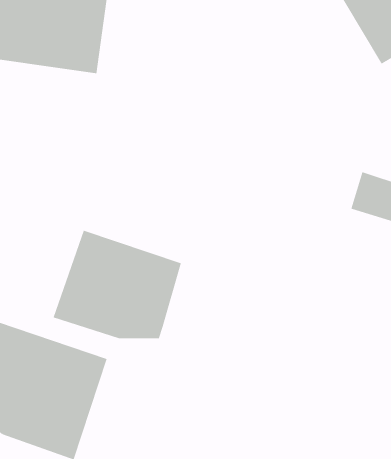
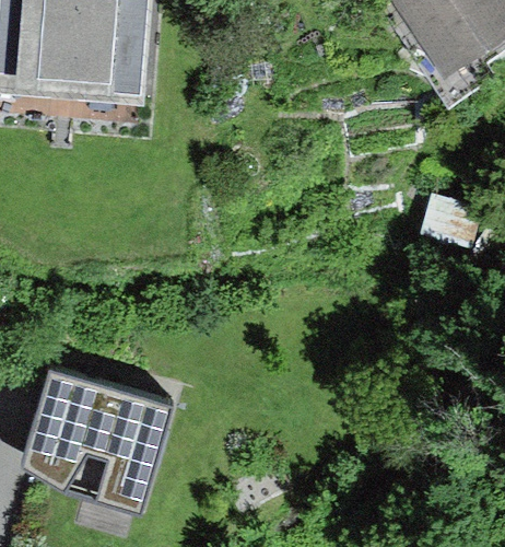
building: [53,230,182,339] -> none

